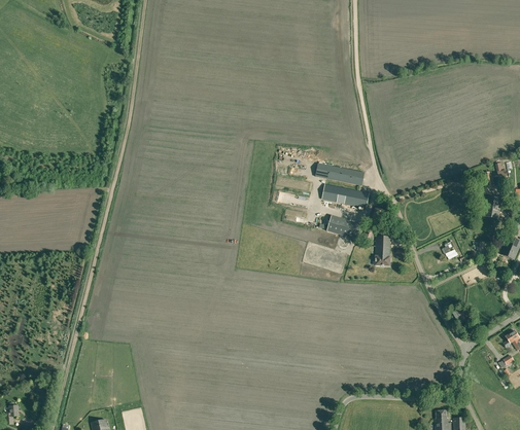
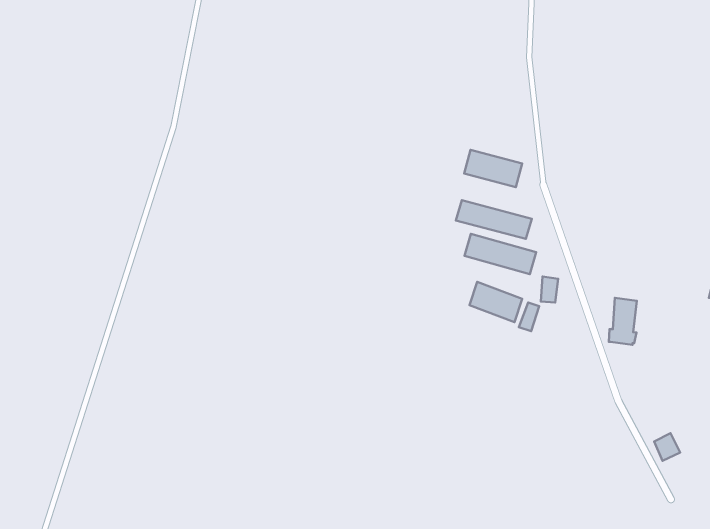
building: none -> [464,150,522,187]
building: [374,236,391,265] -> [609,298,637,345]

